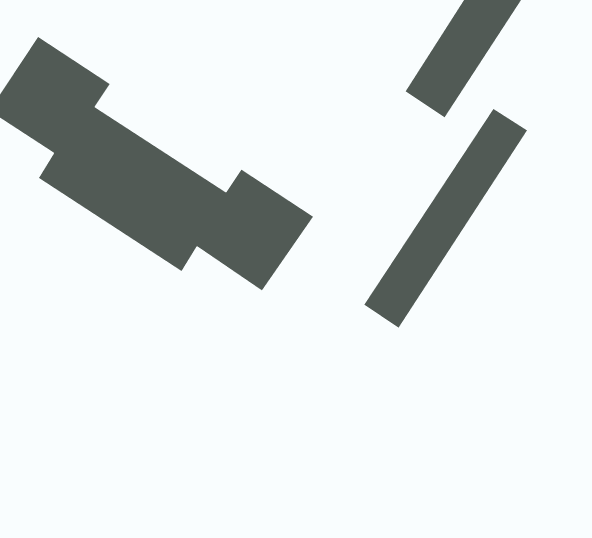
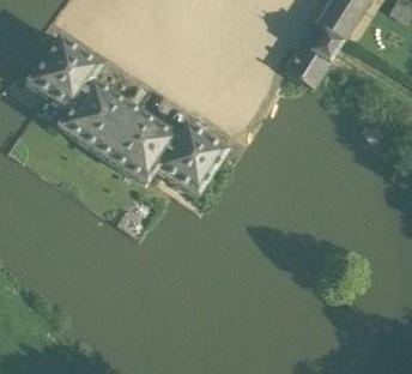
building: [363,108,528,329] -> none

